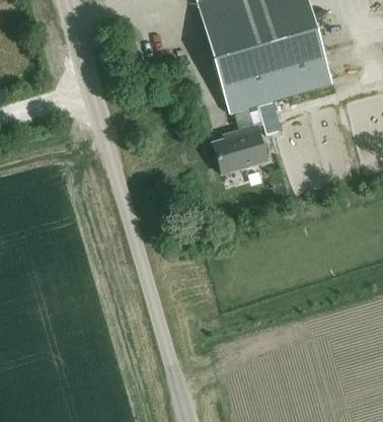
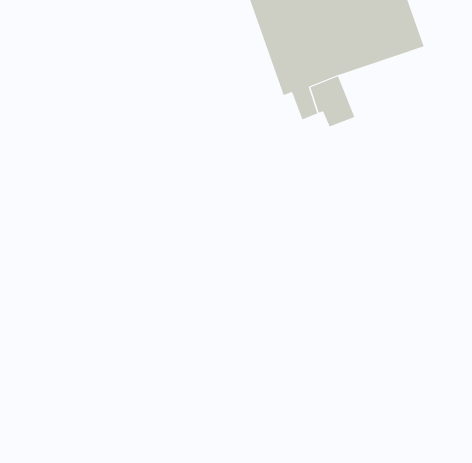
building: [213,124,267,171] -> none

